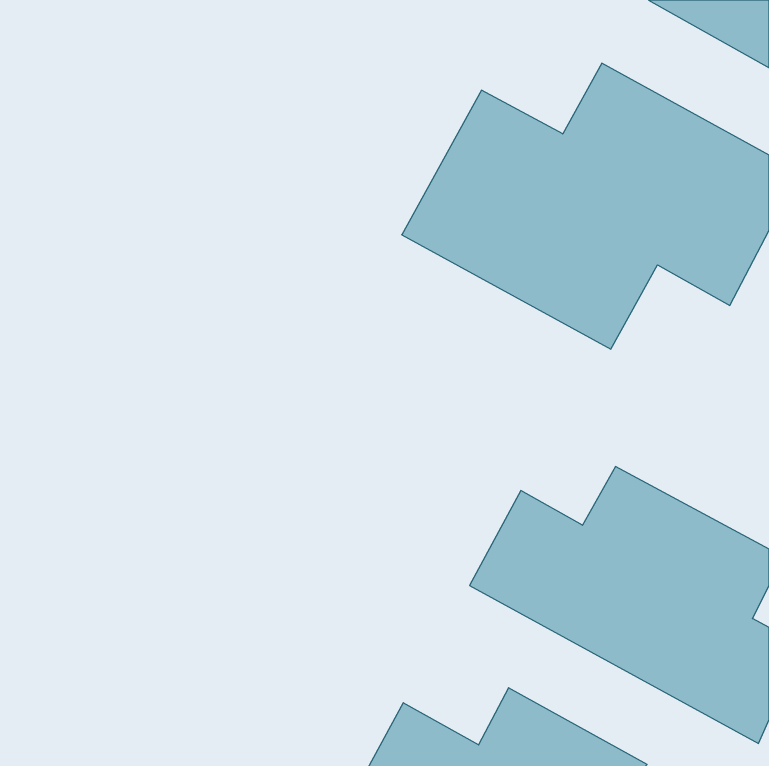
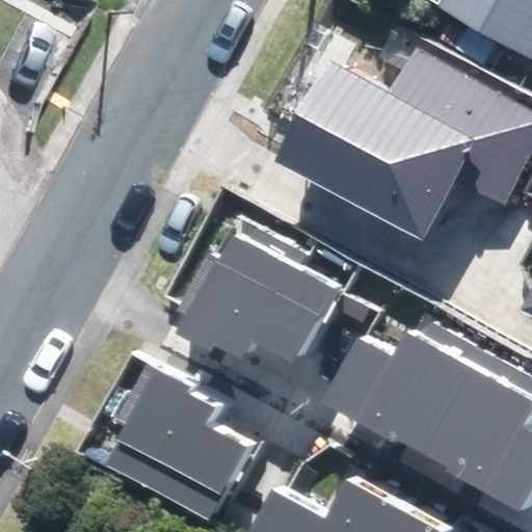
building: none -> [181,233,334,365]
building: none -> [109,364,255,516]

